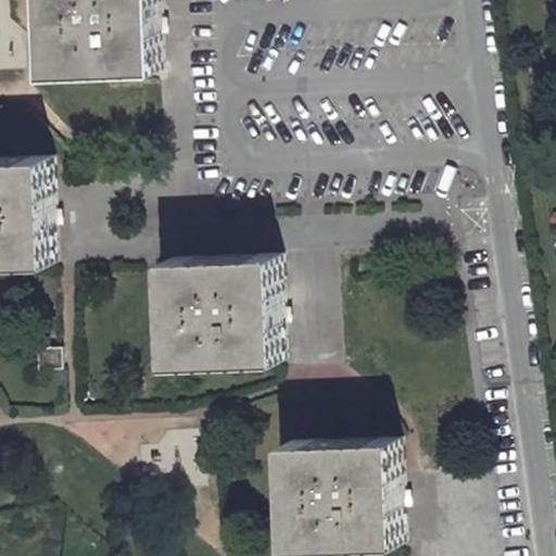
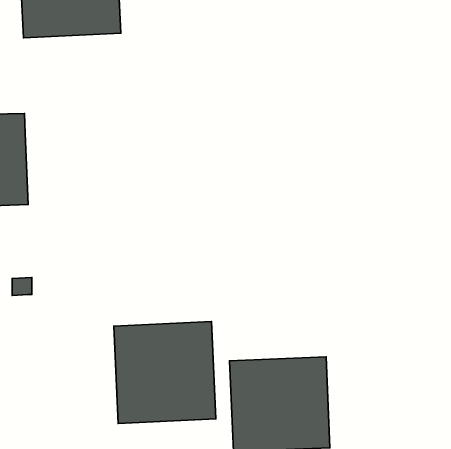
building: [159,258,276,369] -> none
building: none -> [114,321,216,424]

